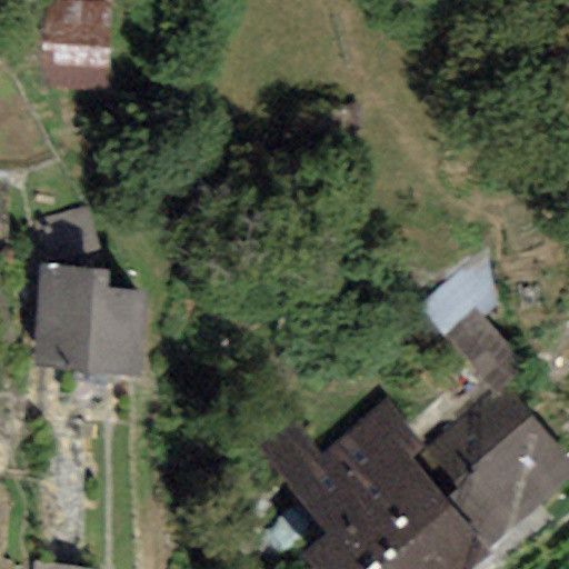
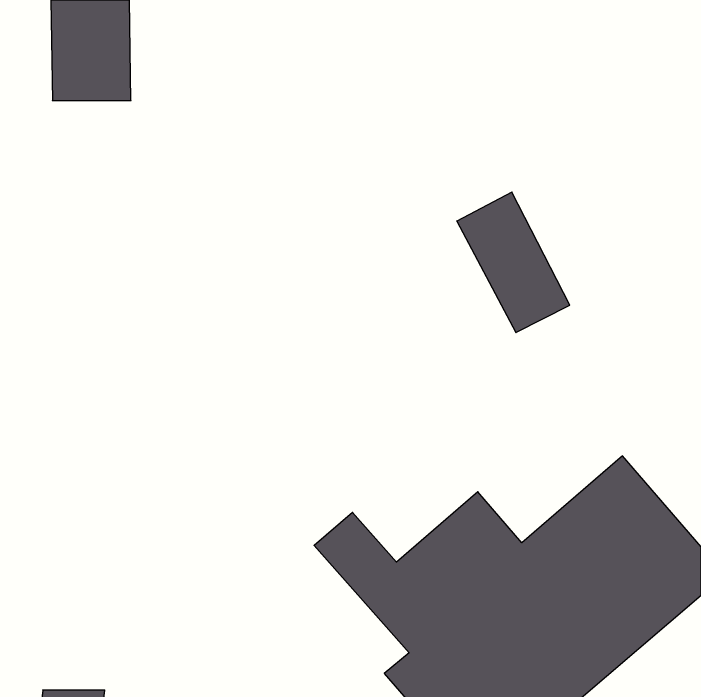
building: [436,258,527,371] -> [457,192,570,333]
building: [29,263,140,375] -> none

